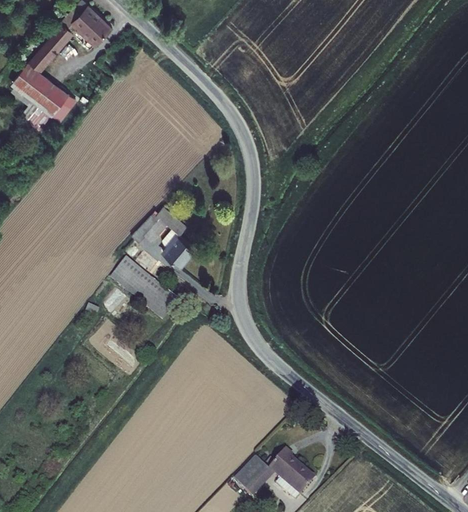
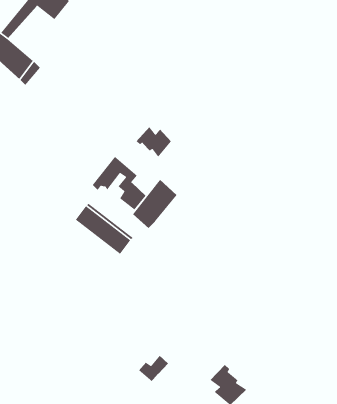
building: none -> [136,126,172,158]
building: none -> [132,179,178,229]
building: [235,460,271,492] -> [138,355,169,382]

